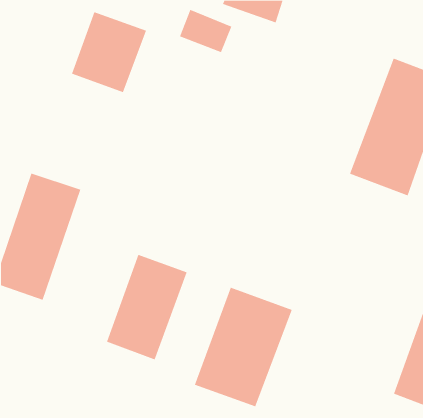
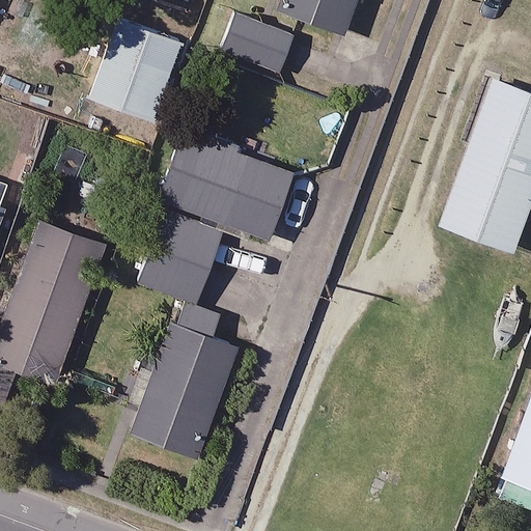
building: none -> [160,132,292,241]
building: none -> [142,215,221,304]
building: [194,287,292,407] -> none

